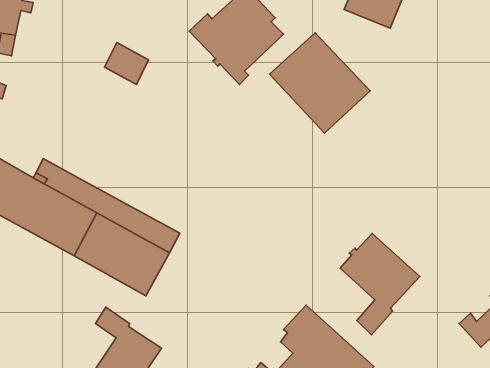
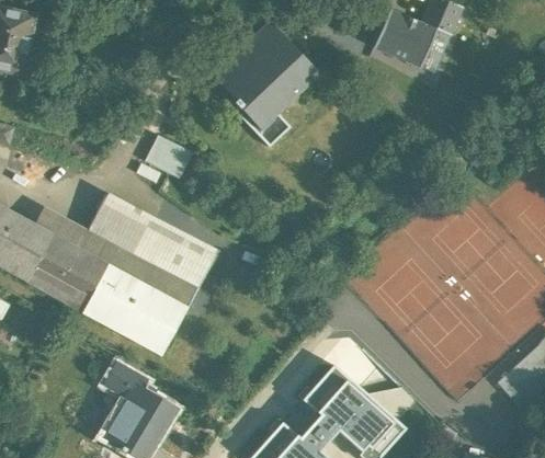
building: [269,33,370,133] -> none
building: [105,42,149,85] -> [145,135,192,180]
building: none -> [90,195,217,287]
building: [340,233,420,335] -> none

